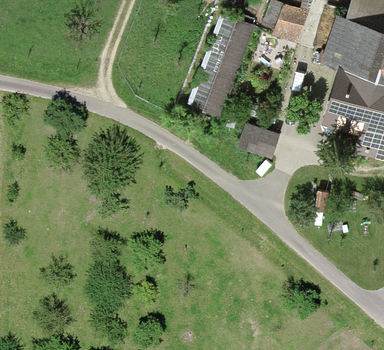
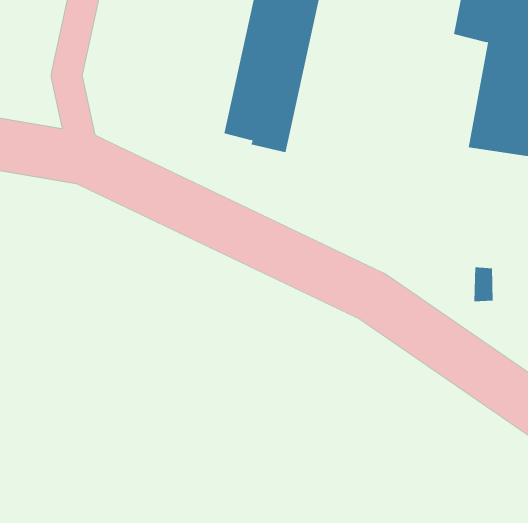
building: [238,123,281,160] -> none

